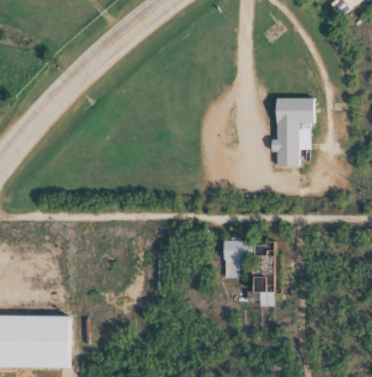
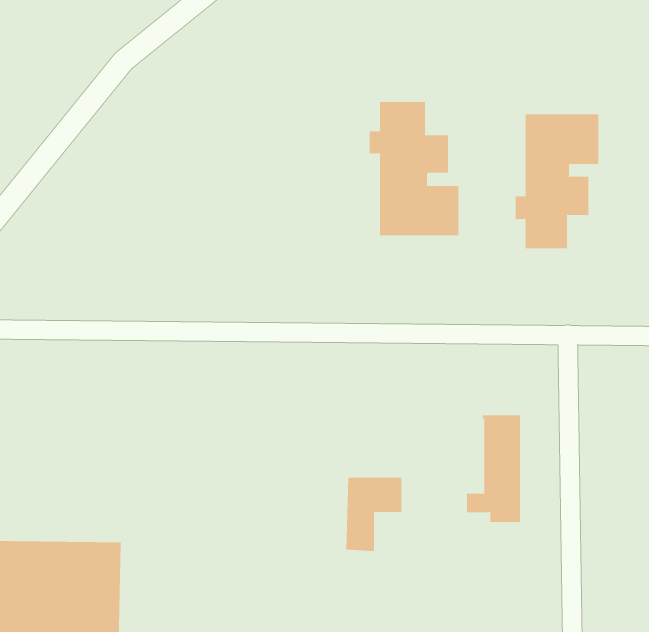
building: none -> [369,101,459,236]
building: [223,240,252,278] -> [345,477,402,552]

